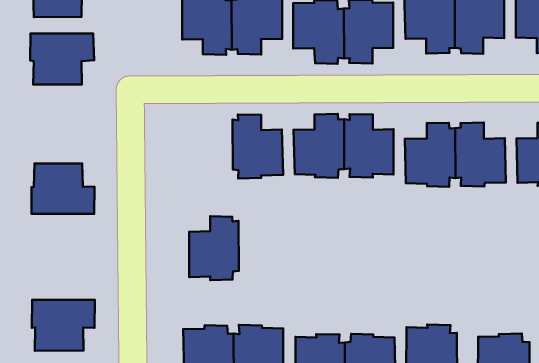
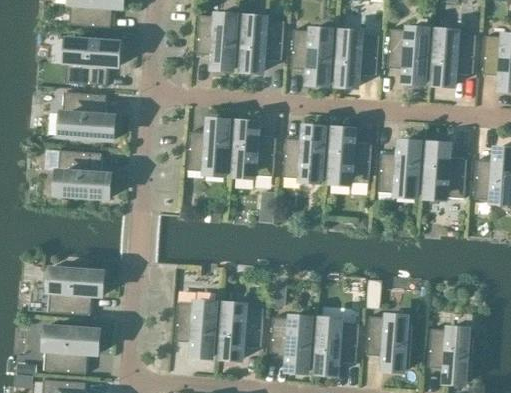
building: none -> [58,91,114,139]
building: [189,216,239,280] -> [187,119,233,175]

